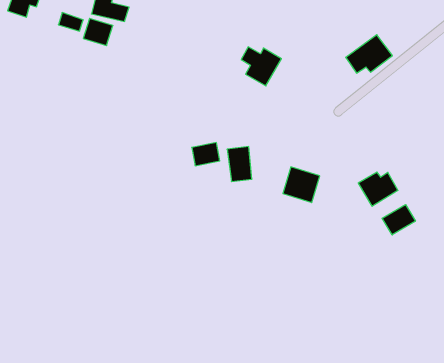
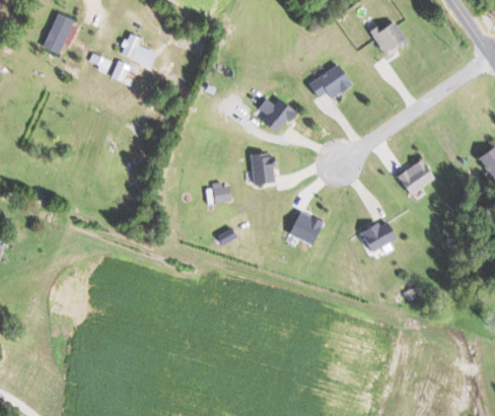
building: [346,35,392,73] -> [308,64,352,98]
building: none -> [397,158,435,195]
building: [227,147,252,182] -> [251,152,272,184]
building: [382,205,415,235] -> none

